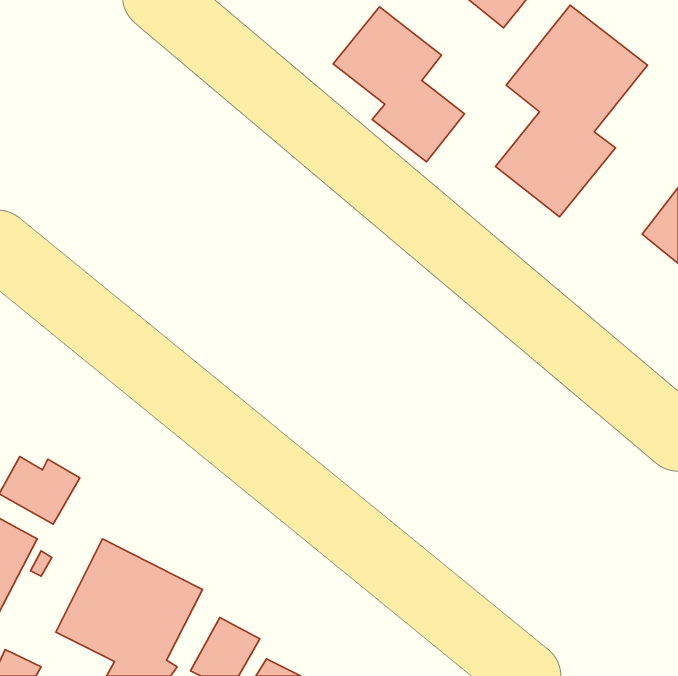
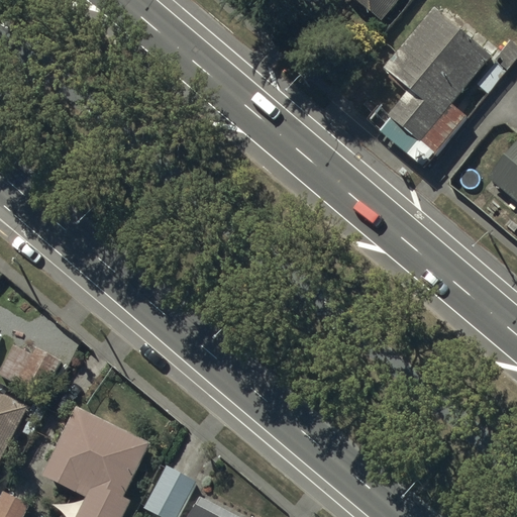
building: [333,7,464,162] -> none

